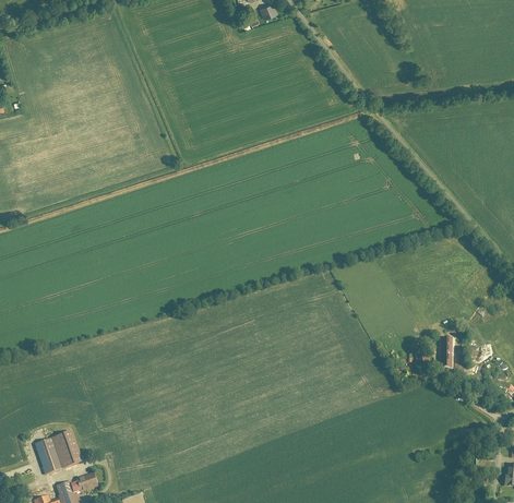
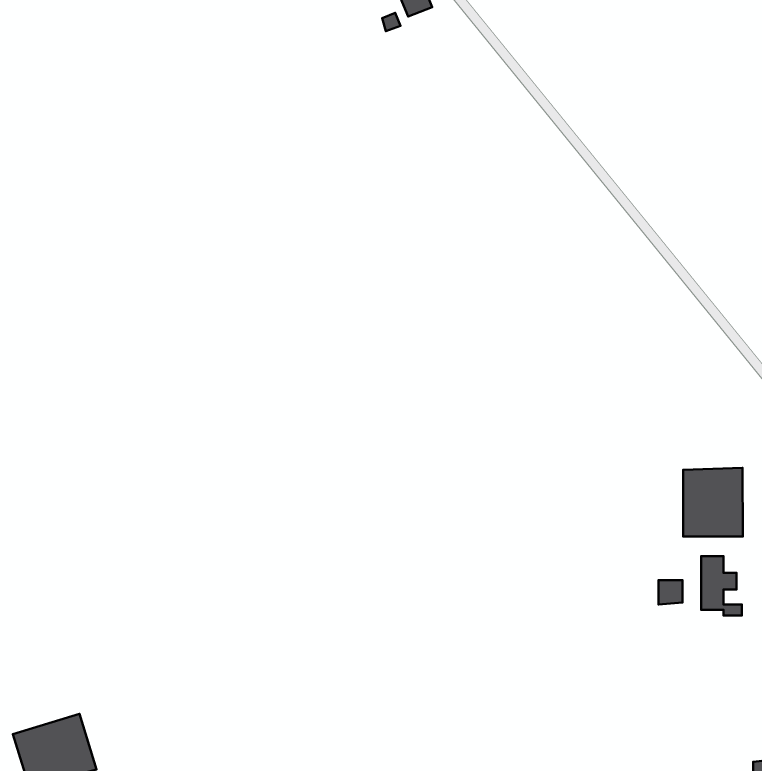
building: none -> [683,468,743,536]

